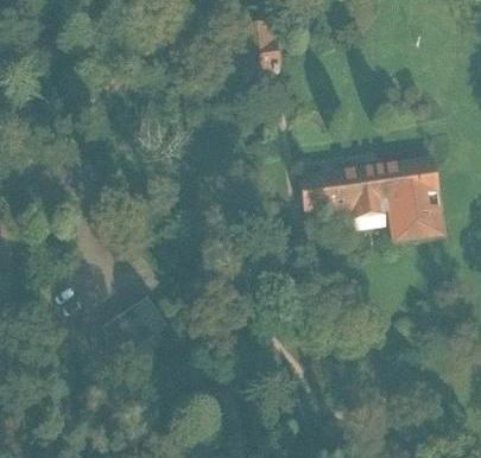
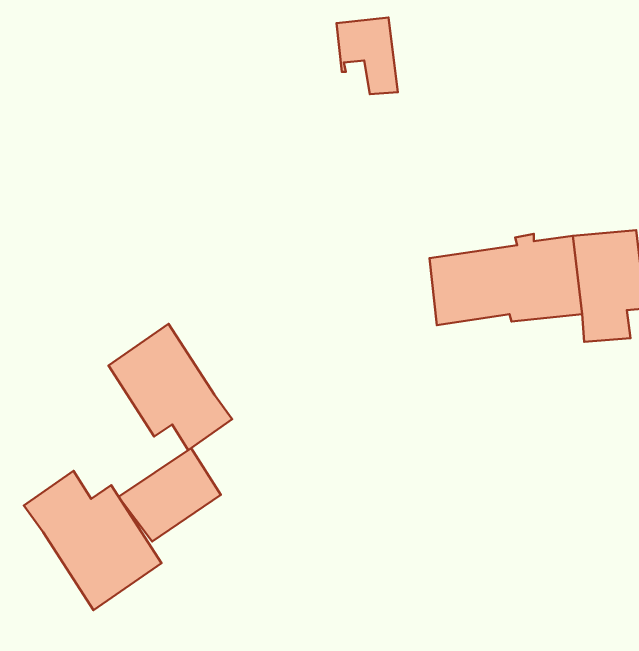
building: none -> [108,324,232,450]
building: none -> [24,471,161,610]

